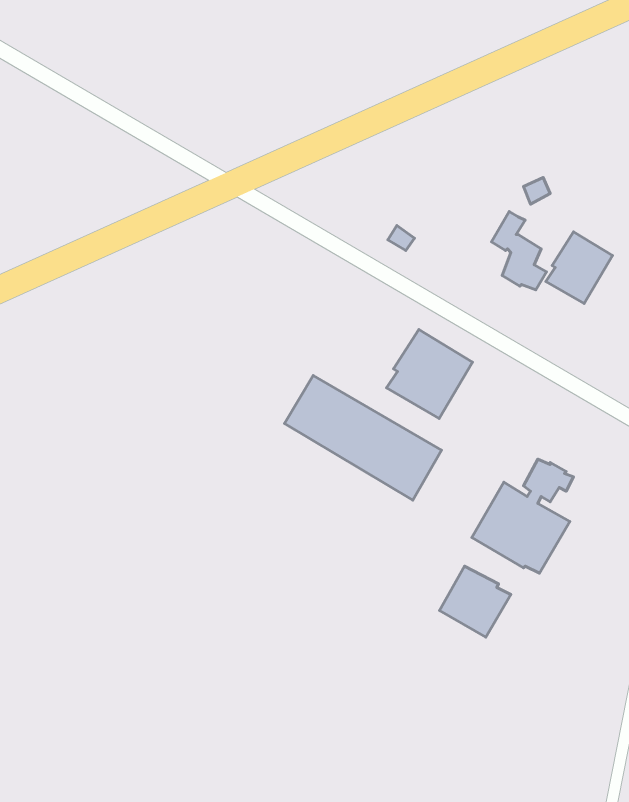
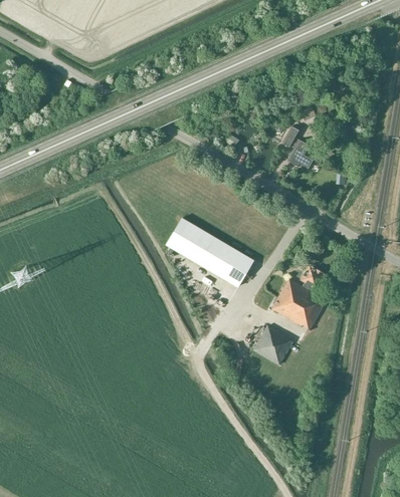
building: [546,232,612,304] -> none
building: [387,330,472,419] -> none

